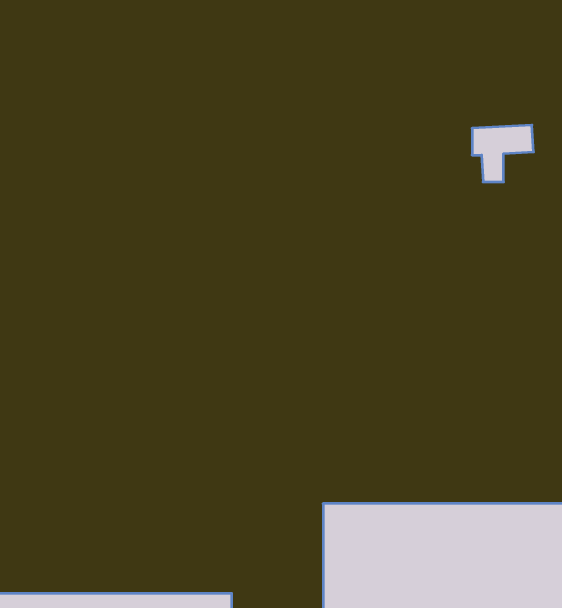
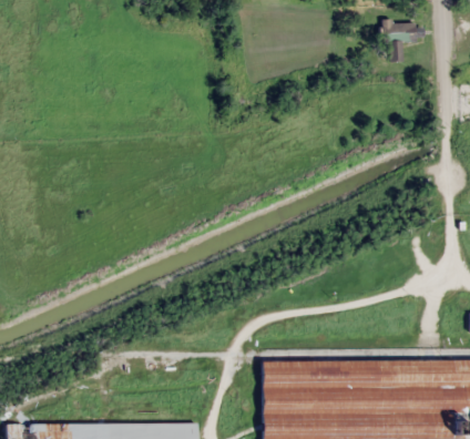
building: [472,125,534,182] -> [381,21,425,61]

